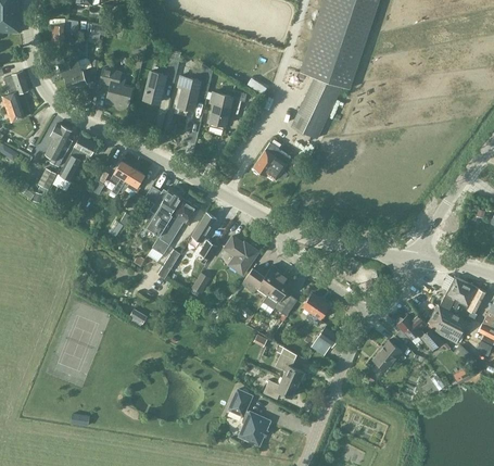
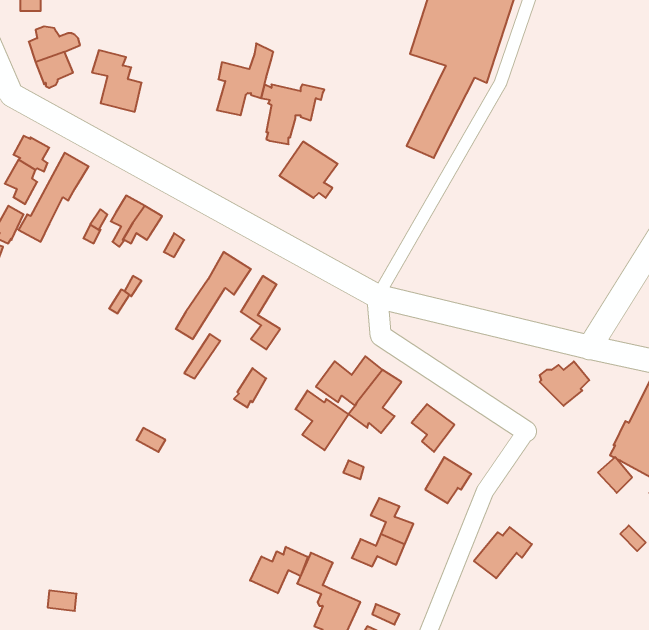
building: [144,59,179,103] -> none
building: [254,147,291,182] -> [279,142,338,198]
building: [145,189,180,236] -> none
building: [225,236,258,274] -> [295,390,348,450]
building: [395,312,427,340] -> [540,361,589,406]
building: [372,337,409,369] -> [474,527,532,578]
building: none -> [250,547,308,593]

